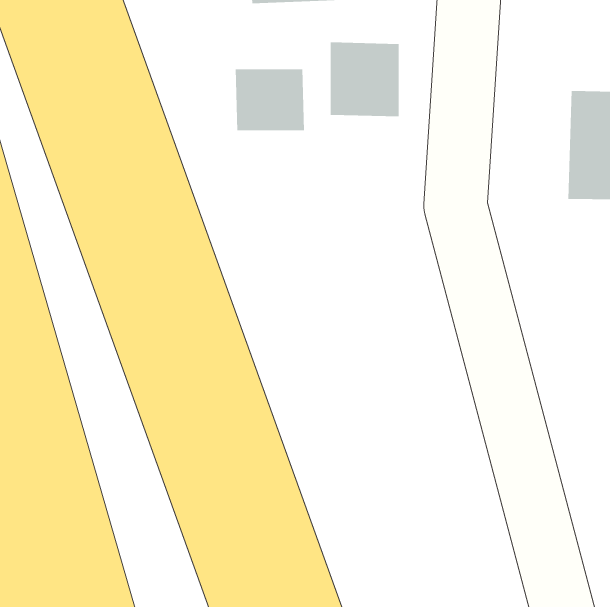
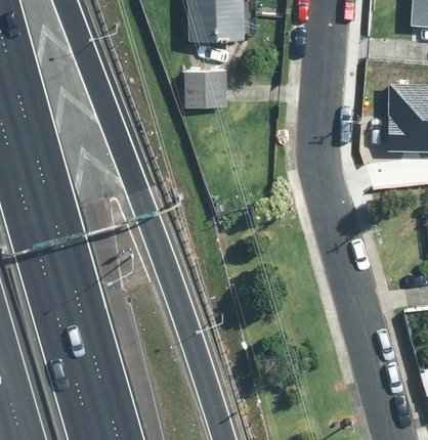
building: [330,42,399,117] -> none

